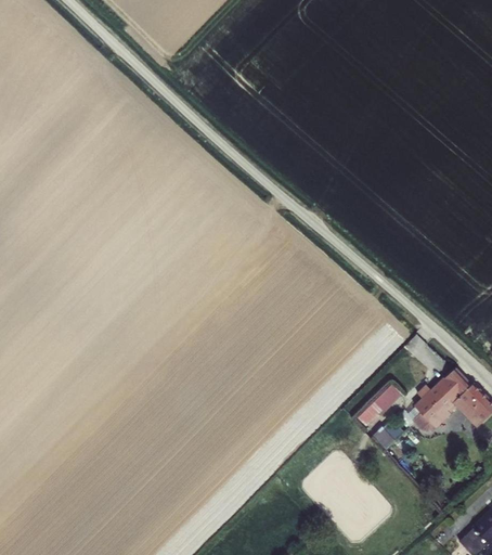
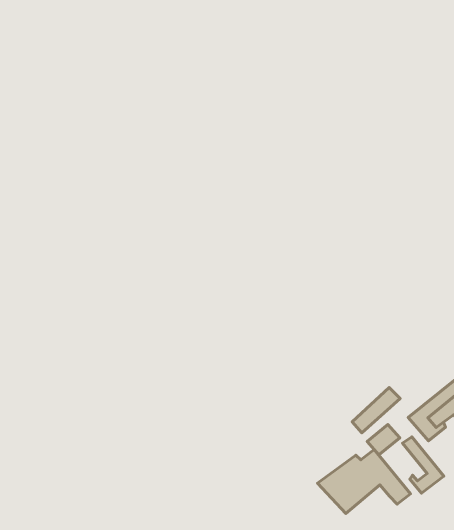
building: none -> [402,437,444,493]
building: none -> [318,450,410,514]

